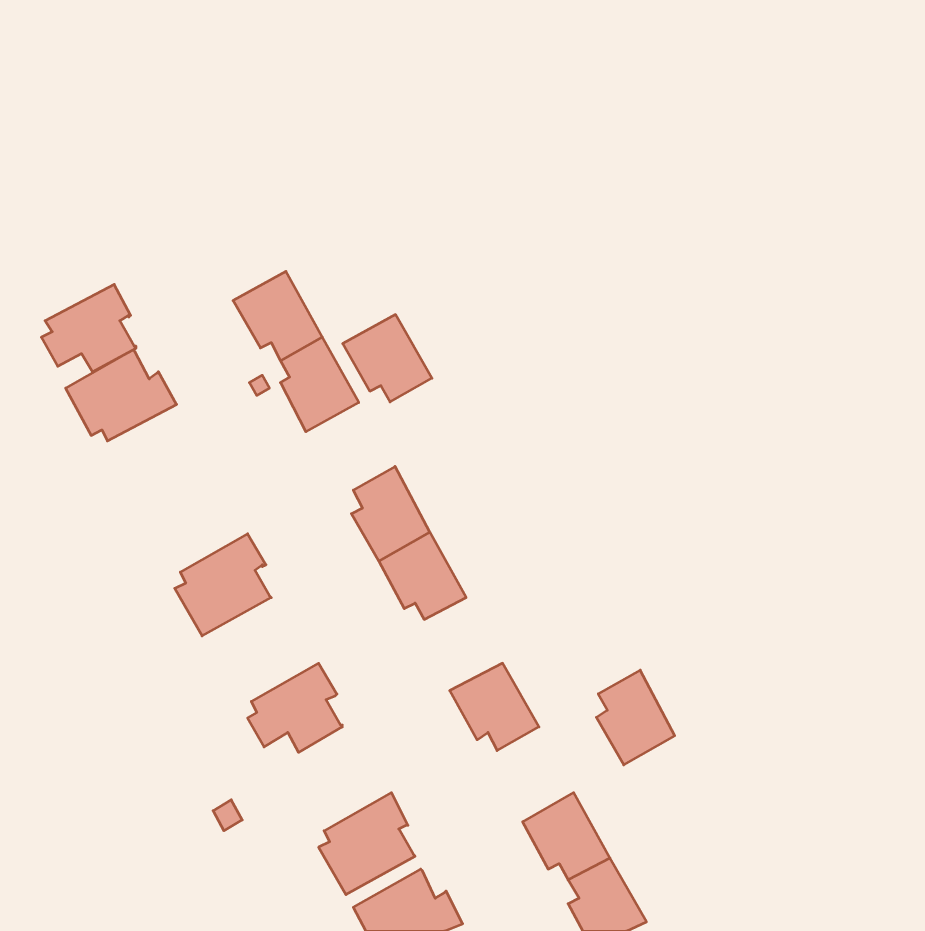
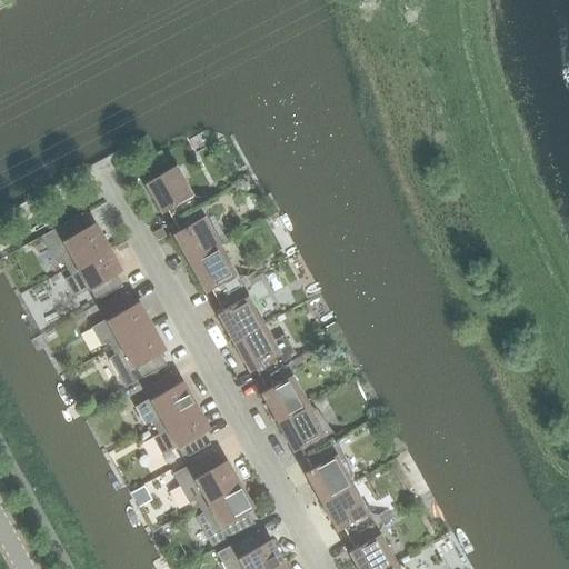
building: [41,284,136,372] -> [67,247,124,300]
building: [343,315,432,402] -> [190,246,244,299]
building: none -> [93,292,154,349]
building: none -> [262,365,310,421]
building: none -> [138,372,198,428]
building: [596,670,675,765] -> [306,443,353,501]
building: none -> [174,451,242,507]

